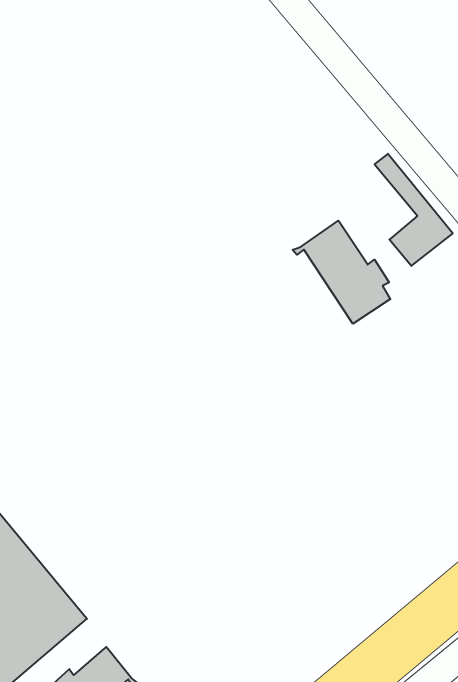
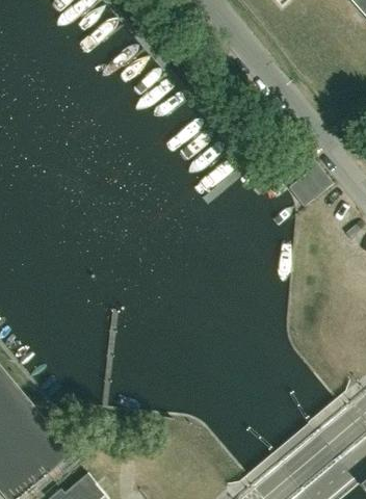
building: [293,221,390,324] -> none

